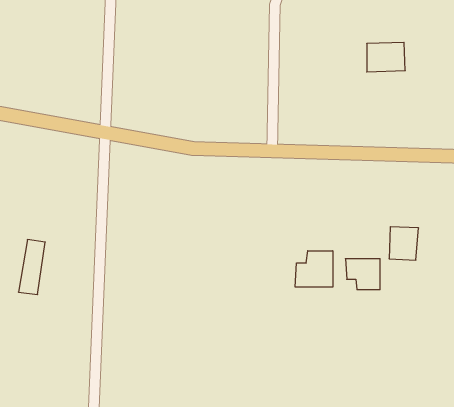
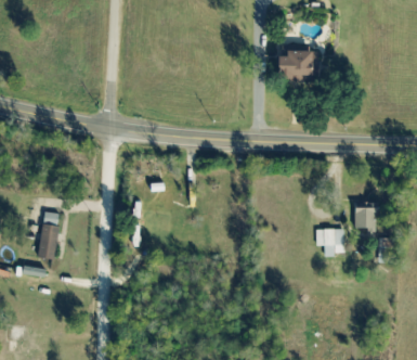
building: [367,42,405,72] -> [286,50,318,75]
building: [295,251,333,287] -> none

